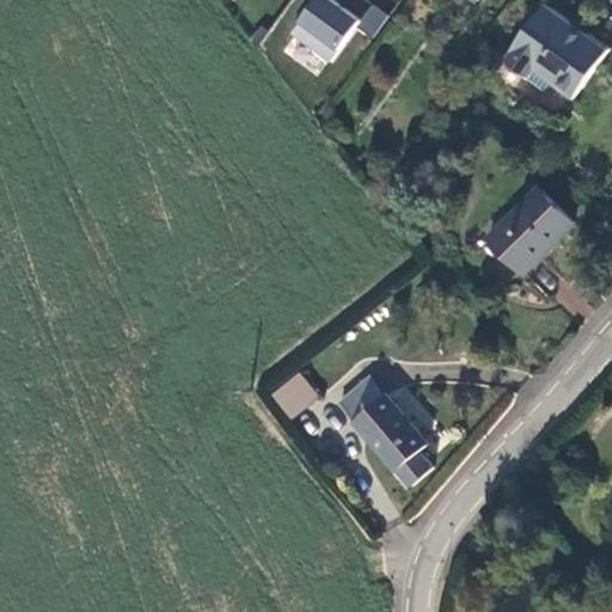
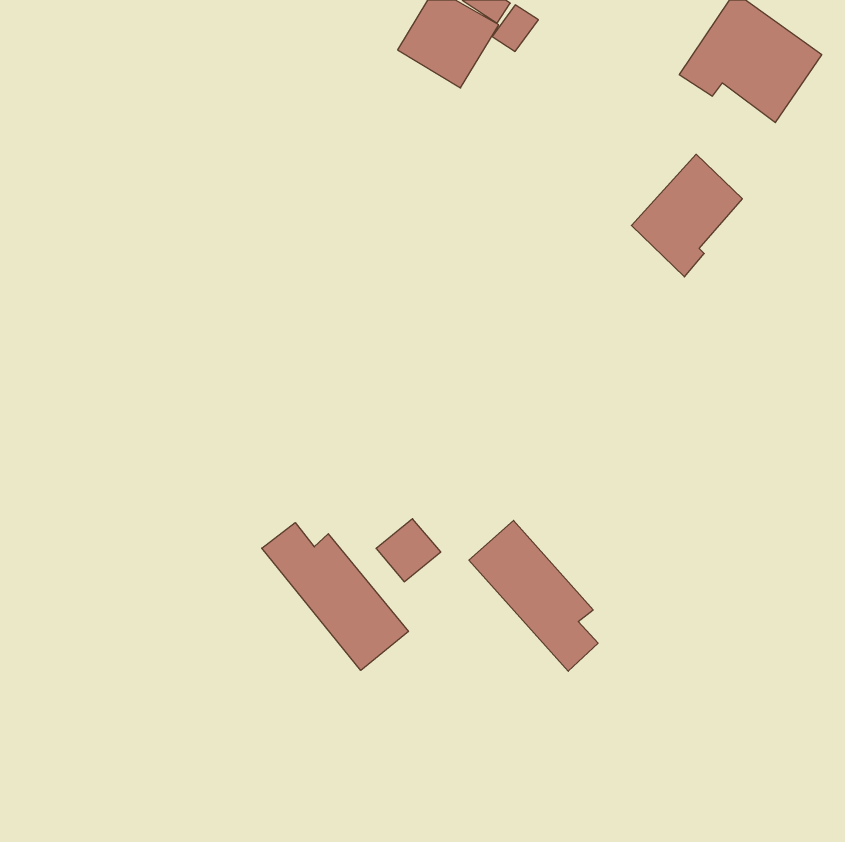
building: [492,178,573,267] -> [631,154,742,277]
building: none -> [262,523,408,670]

